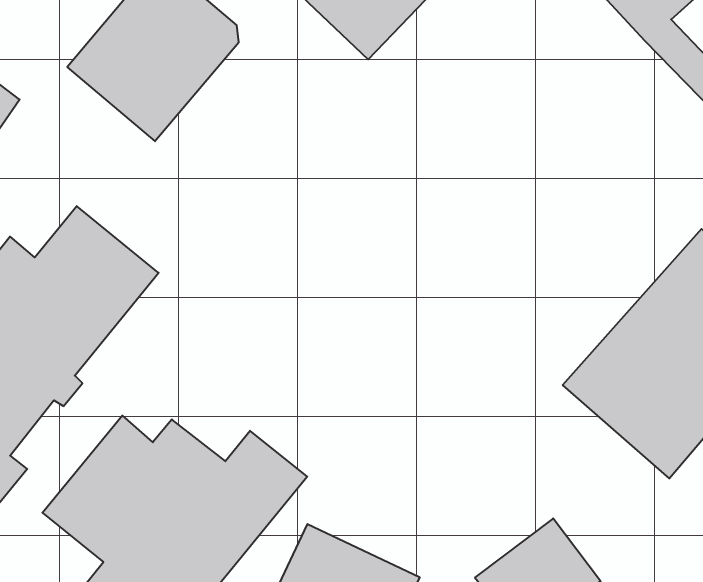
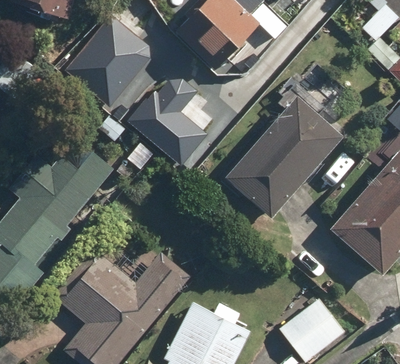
building: none -> [133,72,214,157]
building: none -> [219,78,343,224]

